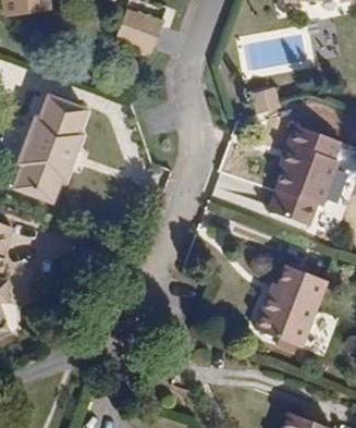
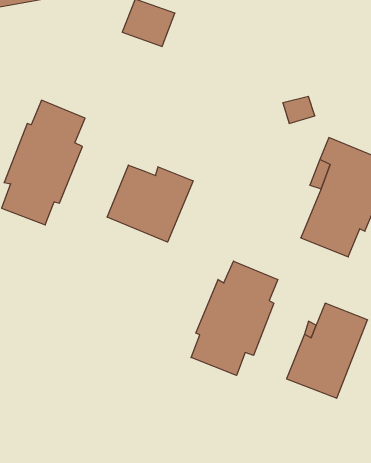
building: none -> [107,165,193,242]
building: none -> [191,261,278,375]

